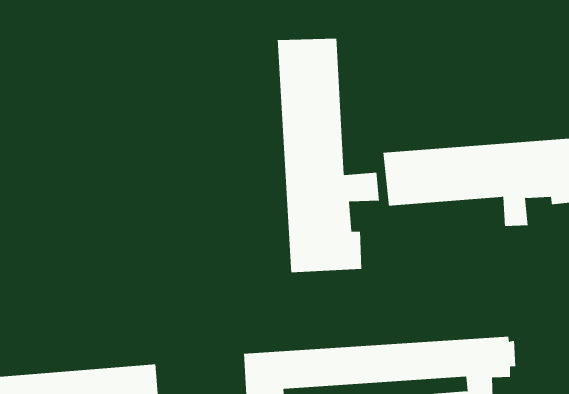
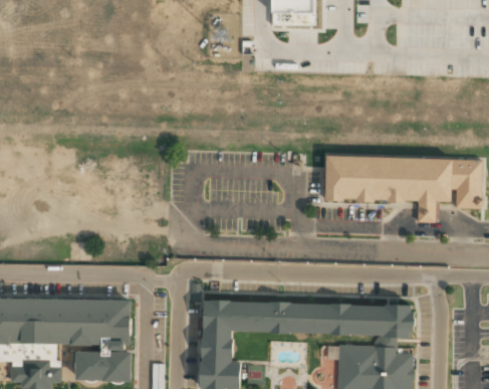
building: [277,38,379,273] -> none

